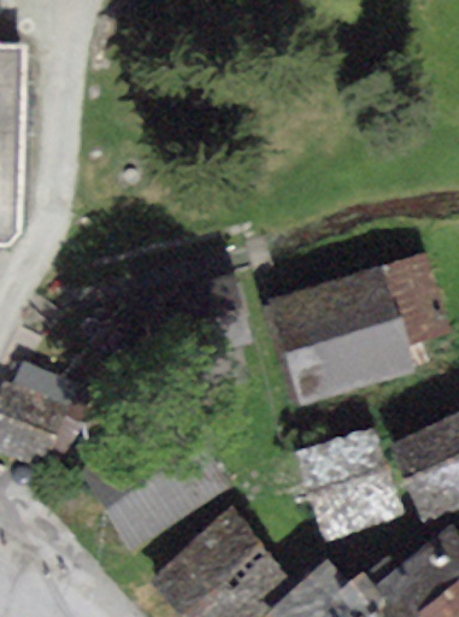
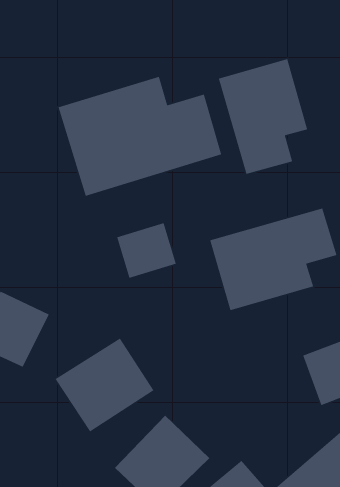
building: none -> [218,58,308,175]
building: none -> [58,76,222,197]
building: [301,429,398,528] -> none

